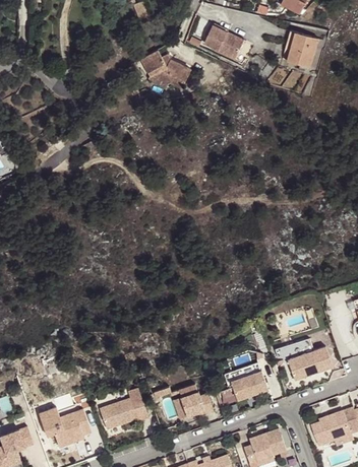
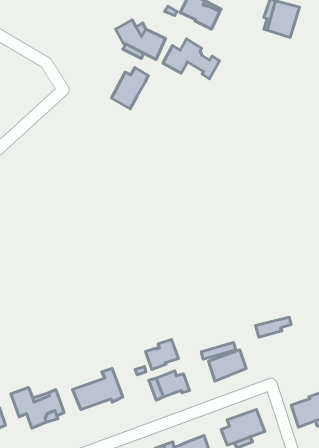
building: none -> [163,39,220,79]
building: none -> [111,68,148,109]
building: [287,347,333,380] -> none
building: none -> [145,339,179,370]

